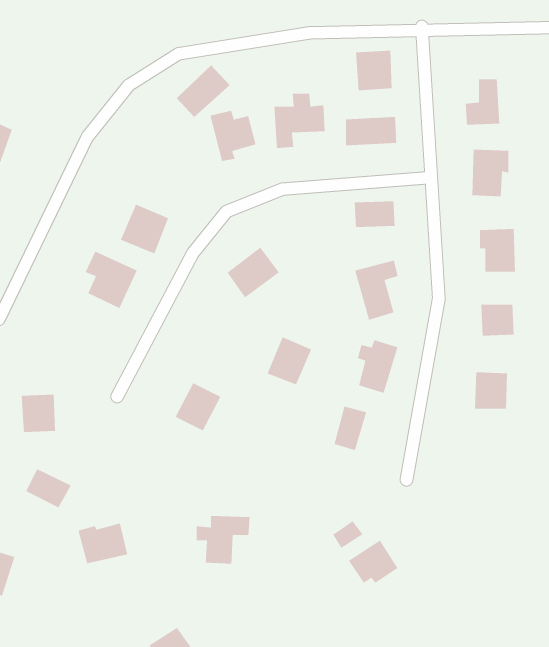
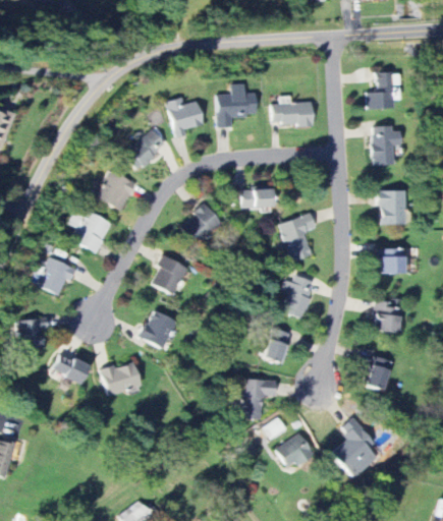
building: [355,50,393,91] -> none
building: [176,64,231,118] -> [124,128,167,170]
building: [354,200,396,228] -> [240,186,273,208]
building: none -> [39,257,76,294]
building: [266,336,312,386] -> [152,255,187,294]
building: none -> [367,355,392,390]
building: [25,468,72,509] -> [52,353,89,385]
building: [196,515,250,565] -> [233,380,276,418]
building: none -> [332,417,378,478]
building: [77,522,128,564] -> [101,362,141,395]

